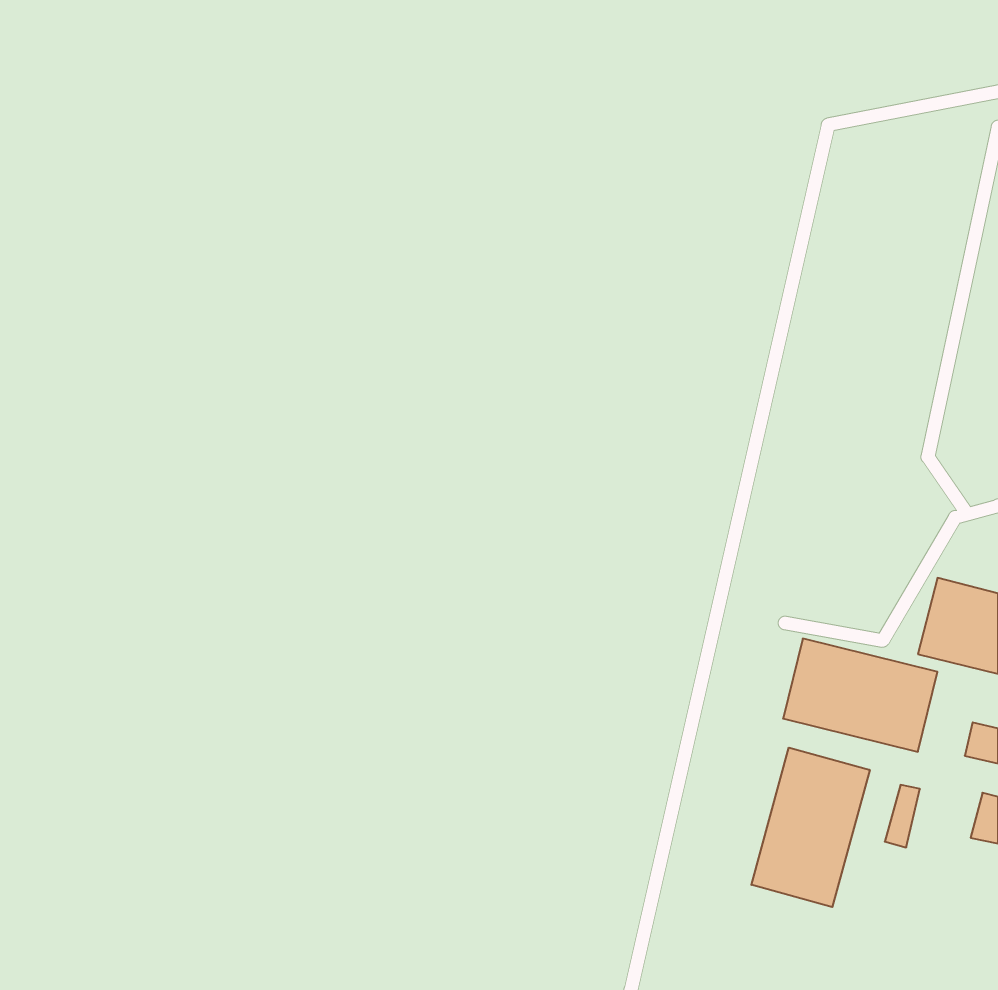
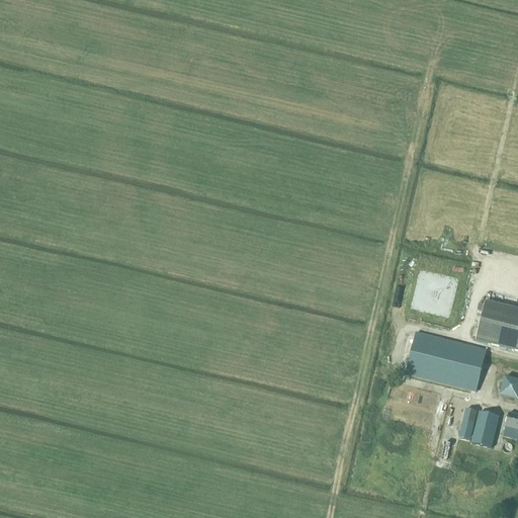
building: [751,748,870,907] -> none
building: none -> [471,410,499,446]

